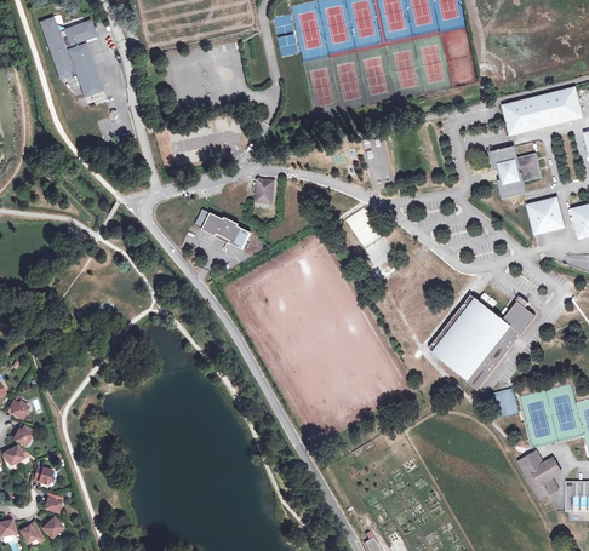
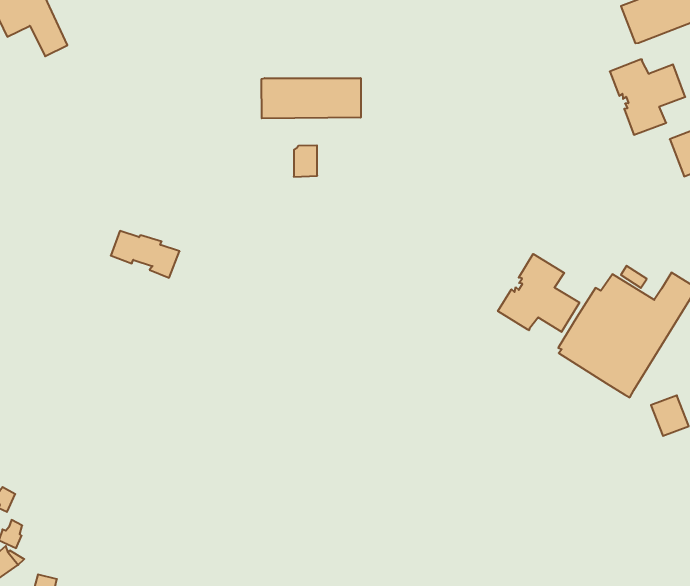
building: none -> [262,78,361,118]
building: [201,212,251,249] -> [111,231,180,278]
building: none -> [498,254,579,332]

